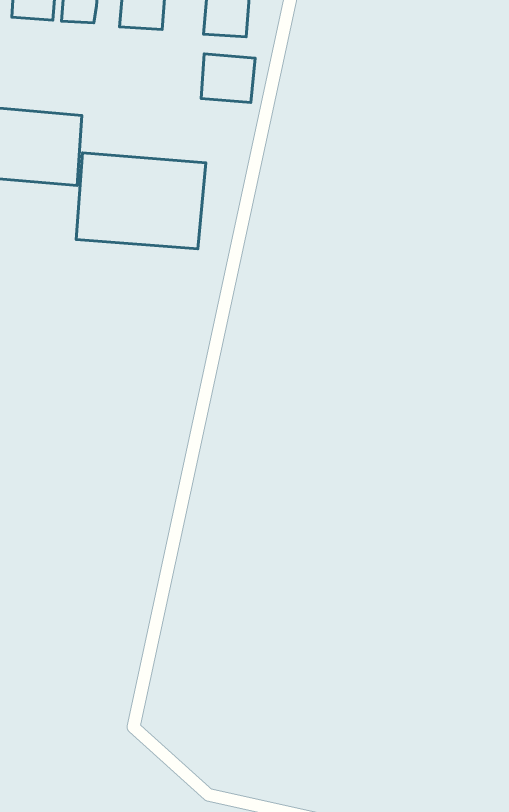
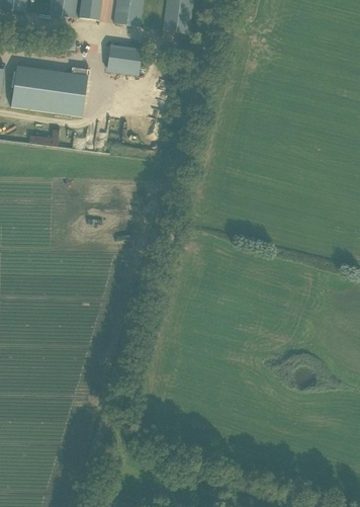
building: [201,54,255,103] -> [107,45,141,75]
building: [76,153,206,249] -> none

